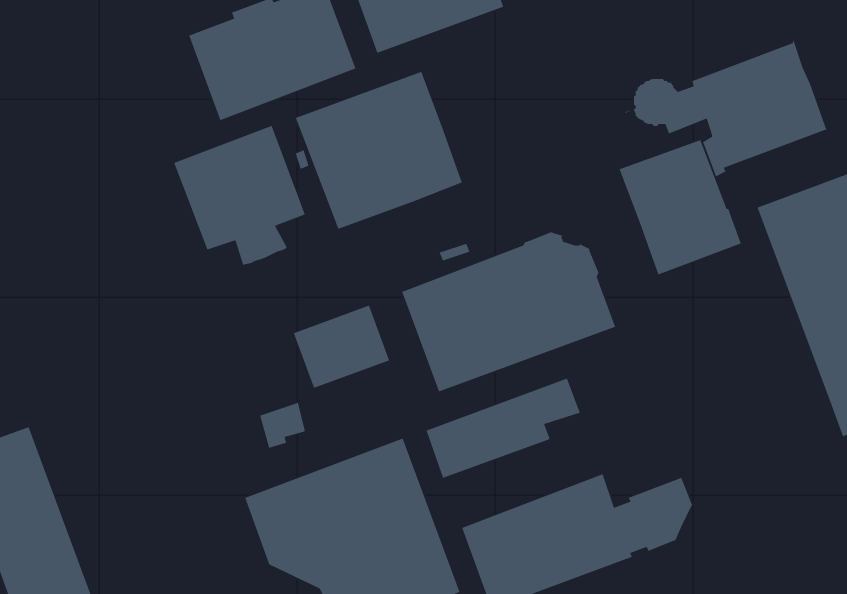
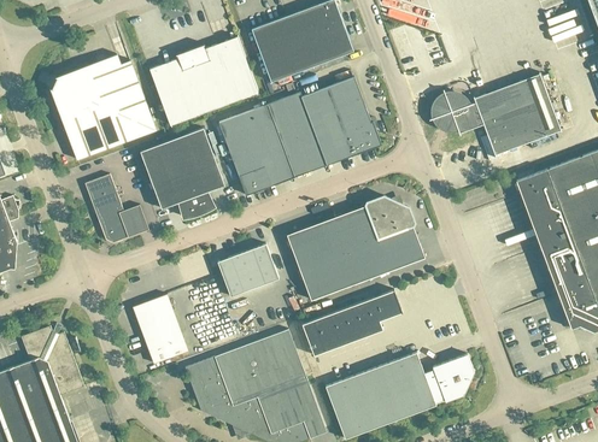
building: none -> [51,53,157,158]
building: [619,139,742,276] -> [301,76,381,164]
building: none -> [84,173,150,242]
building: none -> [133,293,188,363]

